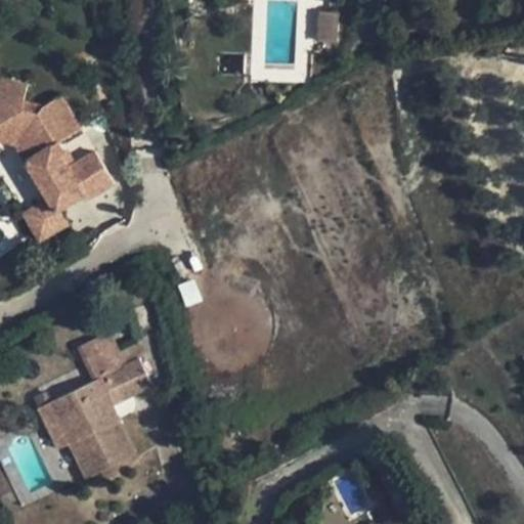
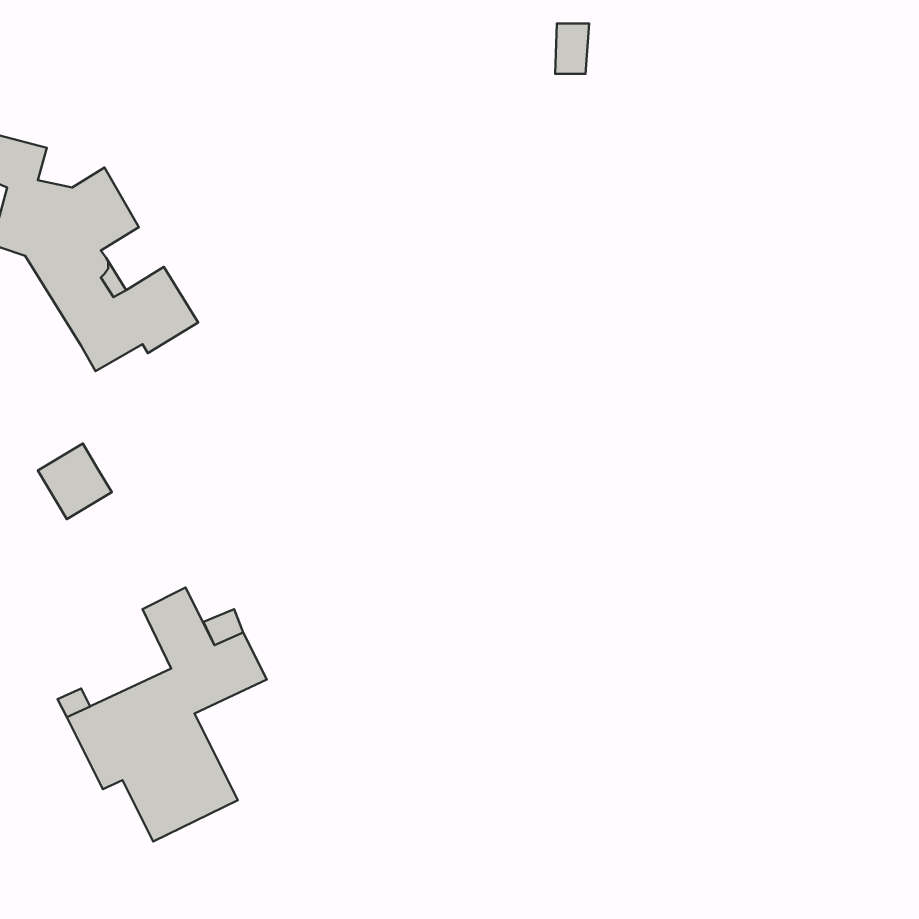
building: [20,198,62,241] -> [38,443,112,519]

